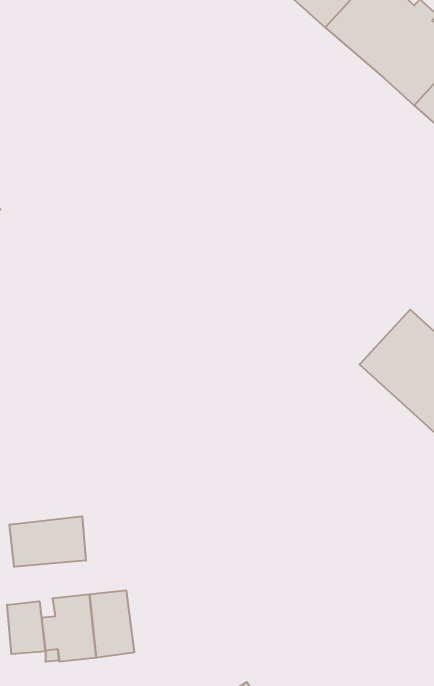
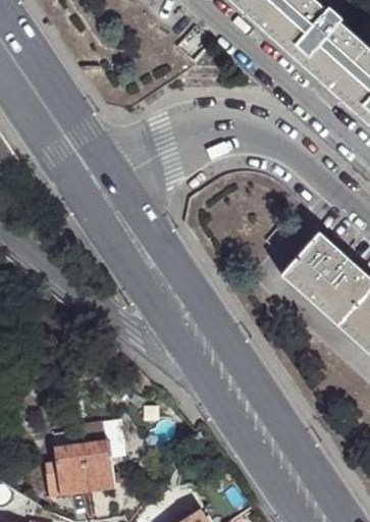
building: [10,516,86,567] -> none
building: [7,601,45,654] -> none

